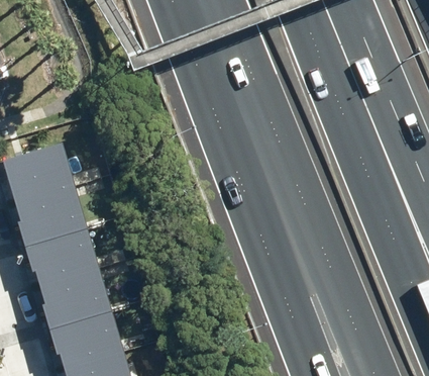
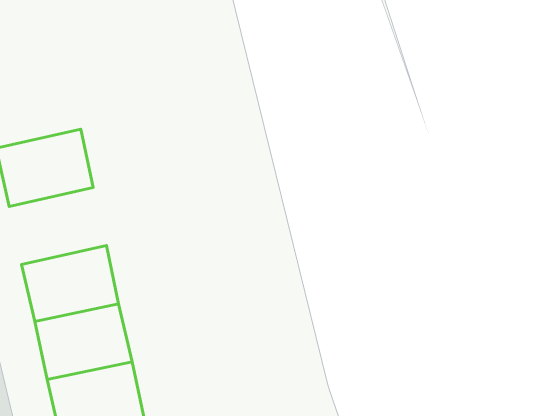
building: [16,186,88,245] -> none

